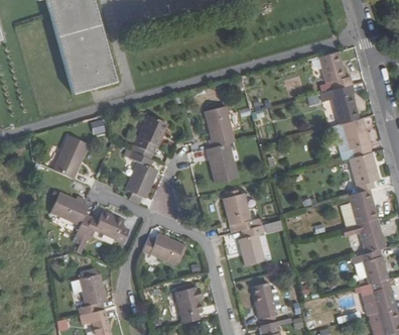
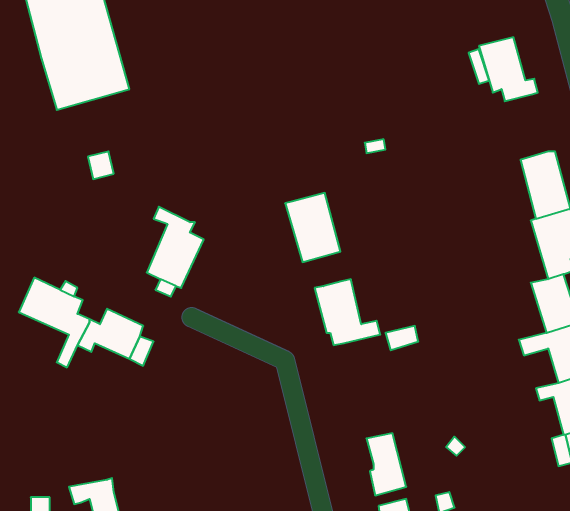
building: [320,84,359,124] -> none
building: [205,105,235,147] -> none
building: [132,115,168,159] -> none
building: [52,135,89,179] -> none
building: [238,225,264,264] -> none
building: [142,233,182,264] -> none
building: [78,269,107,314] -> none
building: [174,287,203,323] -> none

